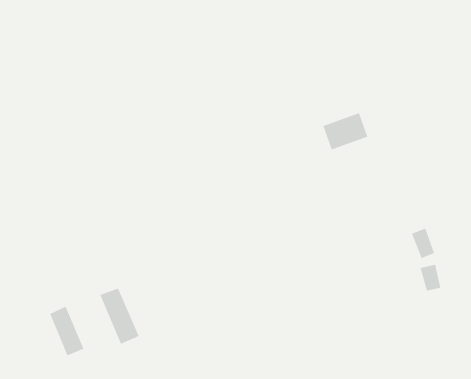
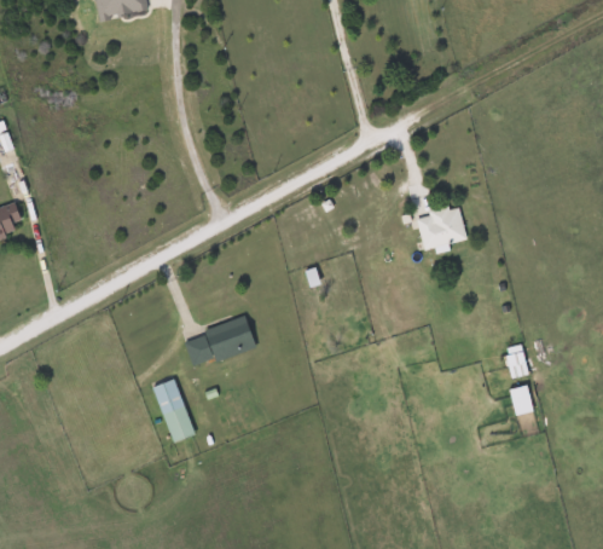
building: none -> [184,317,255,366]
building: [49,306,84,356] -> none

